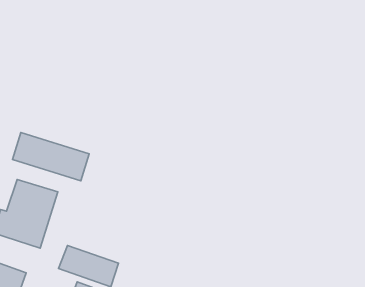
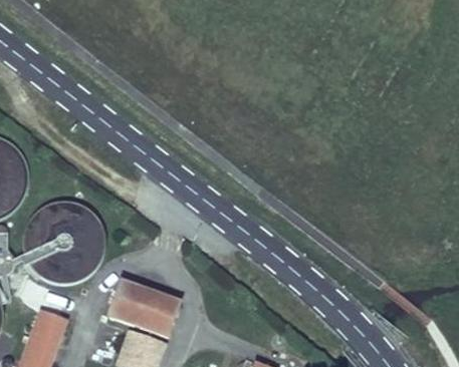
building: [12,133,89,181] -> none

